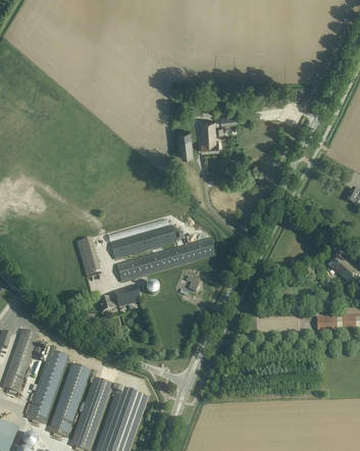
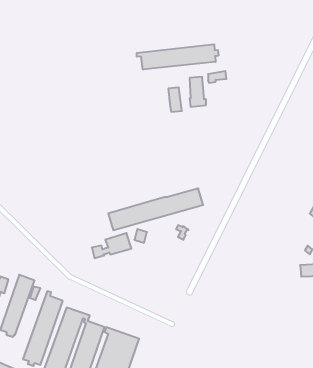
building: none -> [137,44,218,70]
building: [109,224,175,259] -> none
building: [75,237,100,275] -> none

